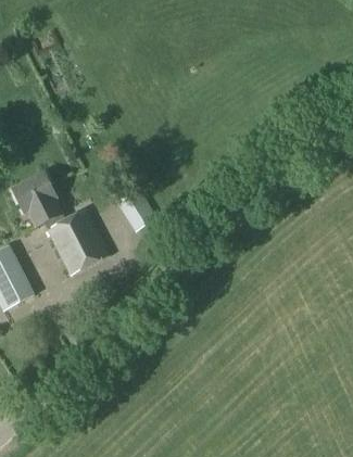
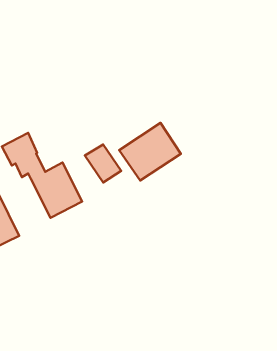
building: none -> [119,123,181,180]

